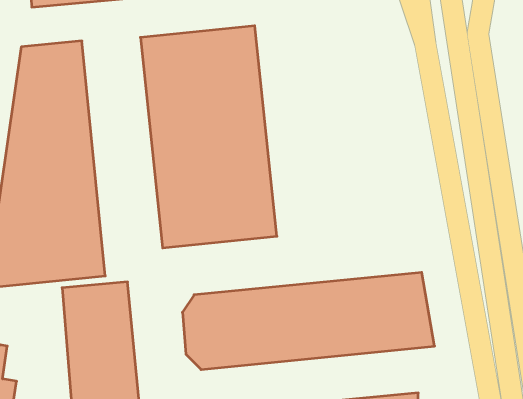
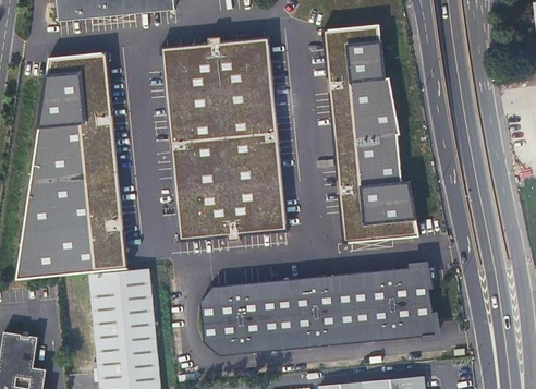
building: none -> [321,26,419,245]

